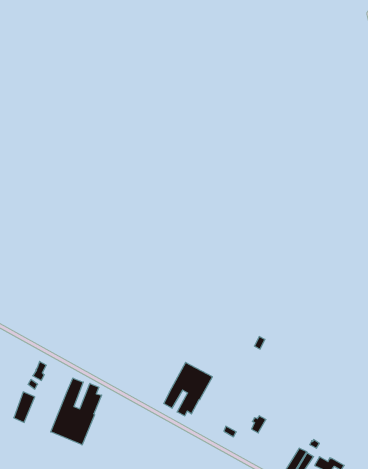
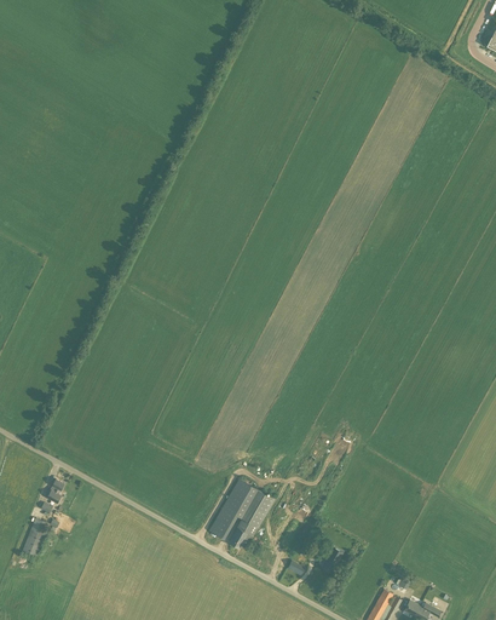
building: [51,378,102,445] -> none

